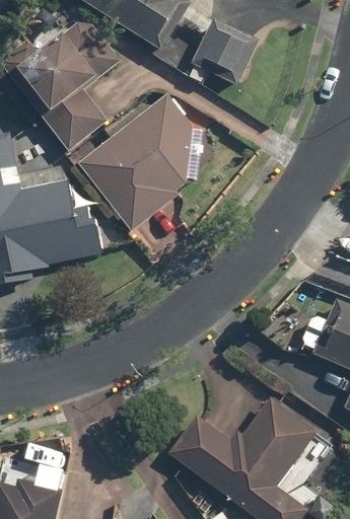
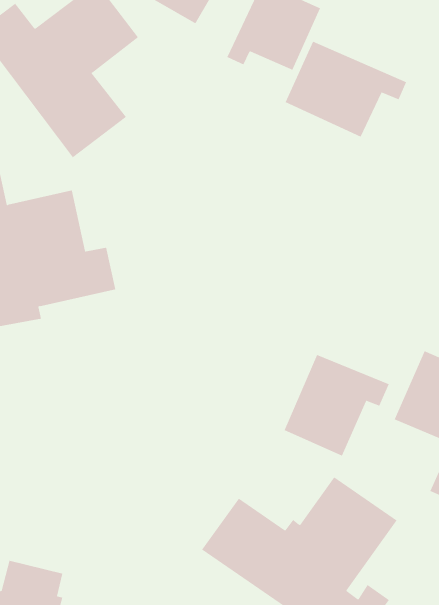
building: none -> [285,41,407,137]
building: [78,95,193,231] -> none
building: none -> [284,354,389,456]

